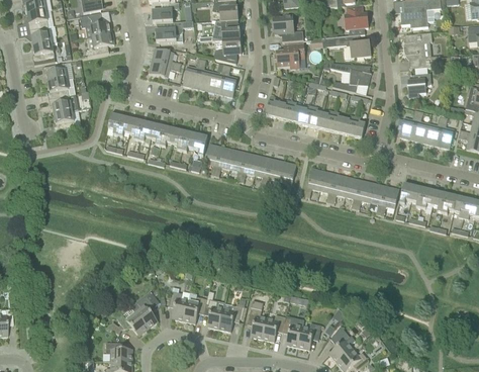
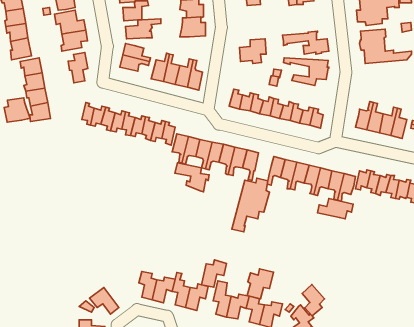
building: [343,6,368,35] -> none
building: [273,14,303,41] -> none
building: [213,39,241,64] -> none
building: none -> [68,52,88,83]
building: [406,73,430,97] -> none
building: none -> [4,98,30,122]
building: none -> [175,163,209,192]
building: none -> [232,178,270,232]
building: none -> [317,199,353,219]
building: none -> [201,260,227,287]
building: none -> [247,269,273,299]
building: [130,294,158,329] -> none
building: none -> [302,285,325,316]

